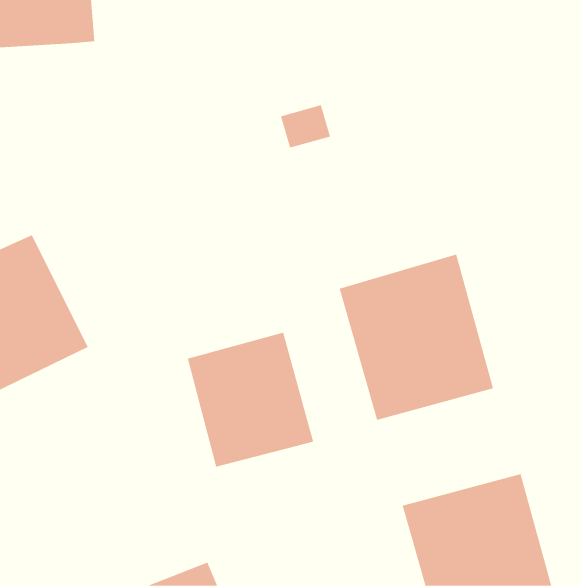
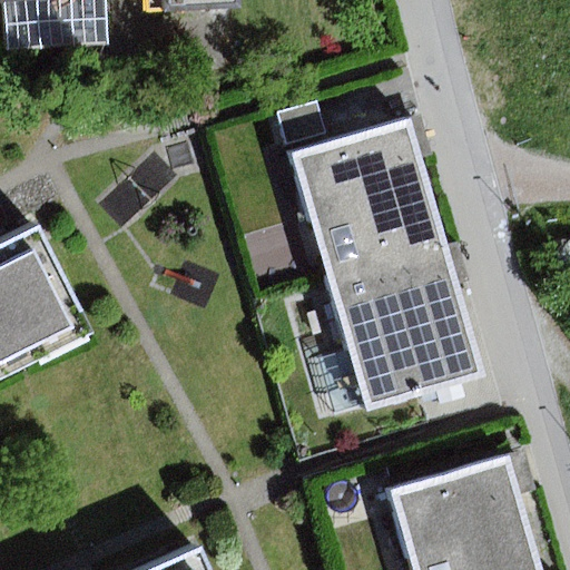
building: none -> [292,121,443,279]
building: [187,332,314,467] -> none

